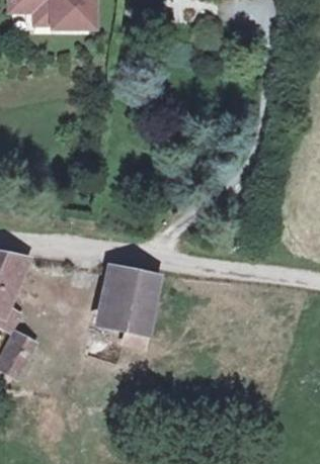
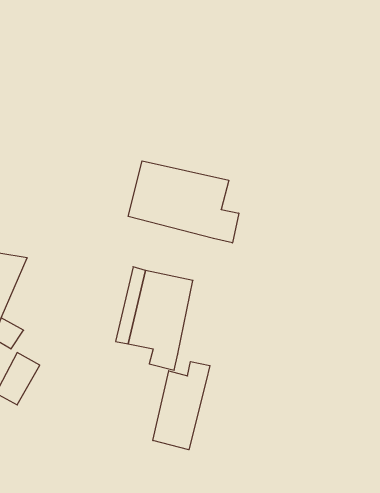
building: none -> [128,161,239,243]
building: none -> [153,362,210,450]

